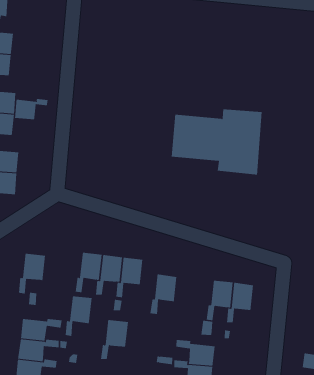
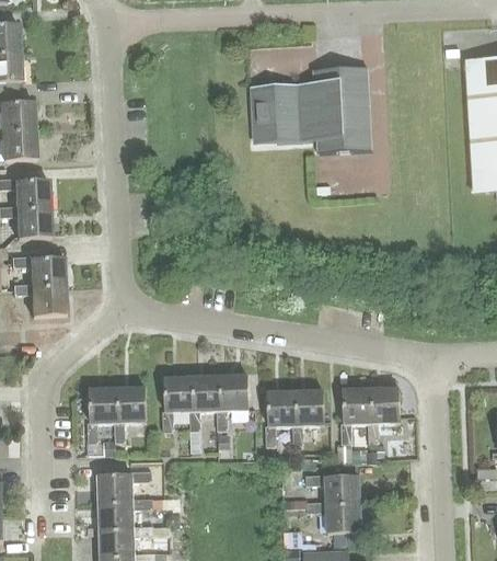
building: [14,98,48,120] -> none
building: [171,109,263,175] -> [251,66,372,152]
building: [65,296,92,336] -> [115,387,147,442]
building: [100,320,129,359] -> [293,390,325,445]

